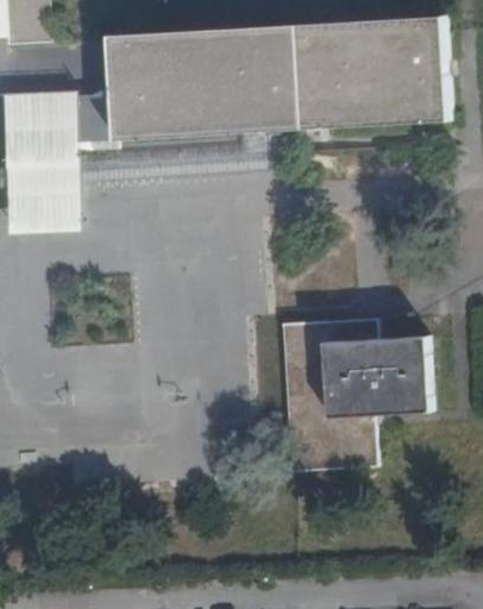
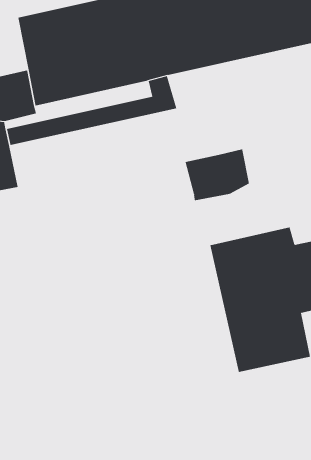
building: none -> [185,149,249,201]

